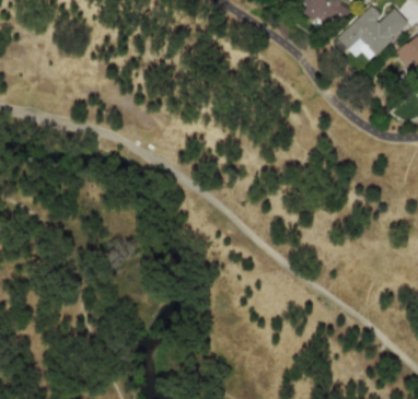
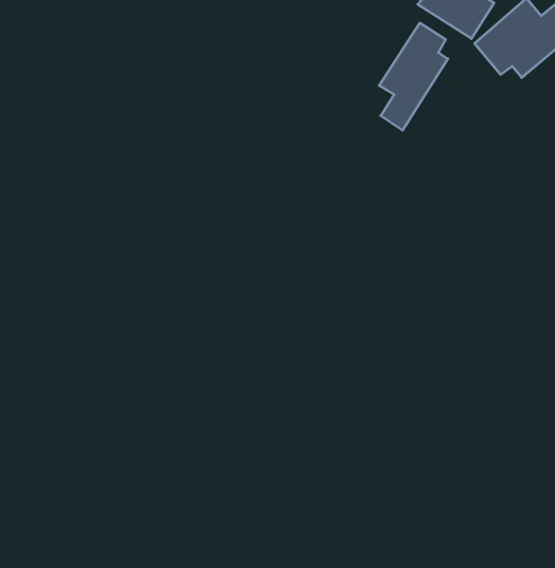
building: none -> [379,23,448,130]

